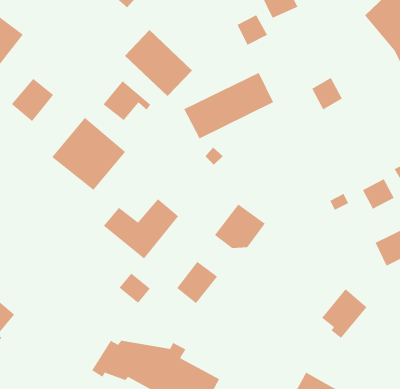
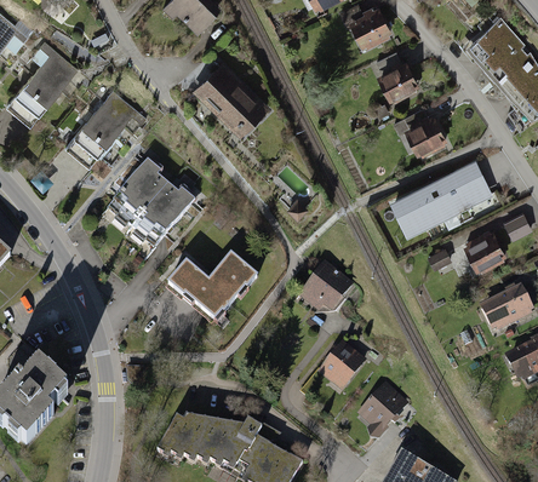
building: [237,14,268,46] -> [382,62,418,98]
building: [183,72,274,139] -> [389,159,493,236]
building: [103,80,151,121] -> [90,88,145,136]
building: [176,261,218,304] -> [319,342,367,391]
building: [119,272,151,304] -> none
building: [321,288,368,339] -> [357,380,411,438]

